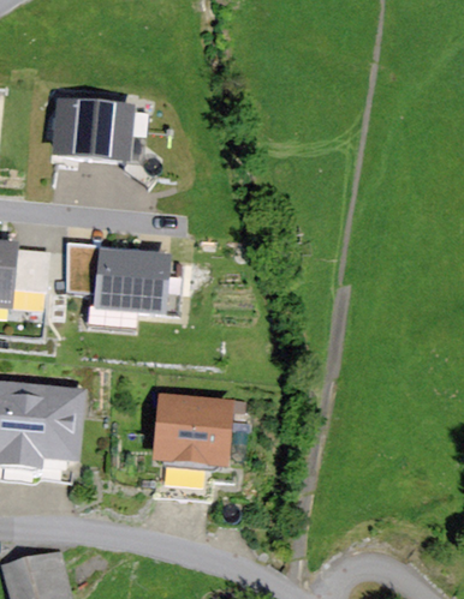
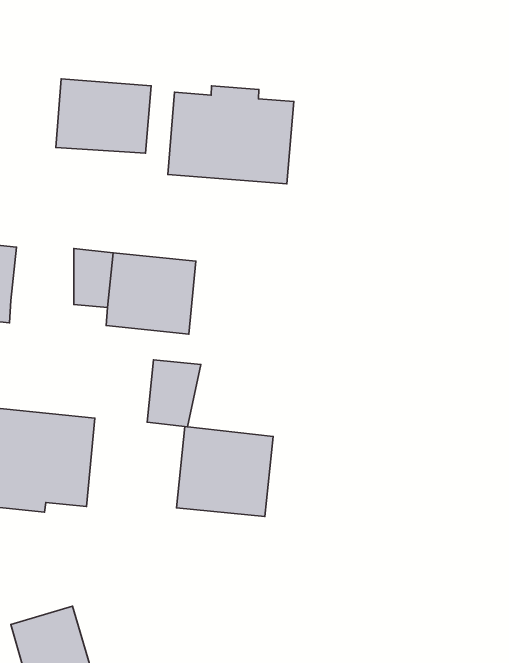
building: none -> [168,86,294,184]
building: [12,241,49,290] -> none
building: none -> [147,360,201,427]

